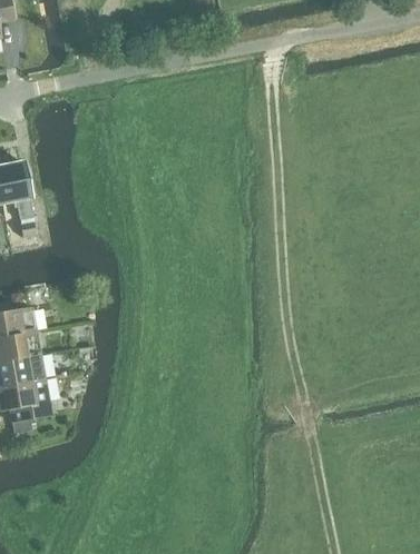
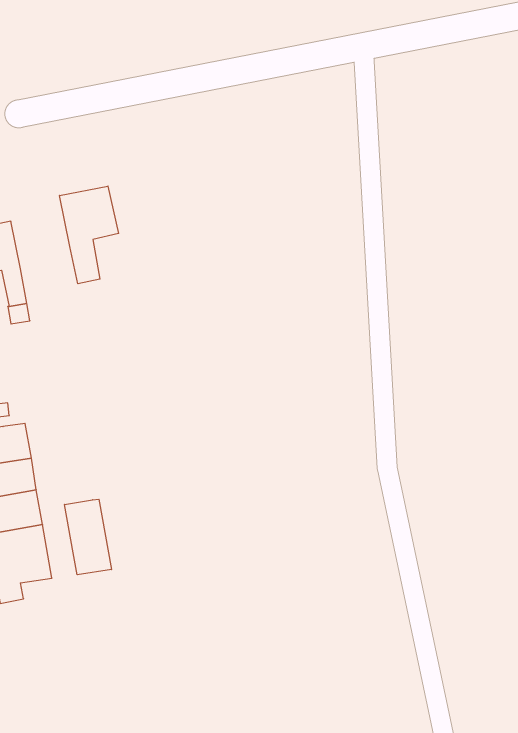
building: none -> [60,186,119,284]
building: none -> [65,499,111,575]

